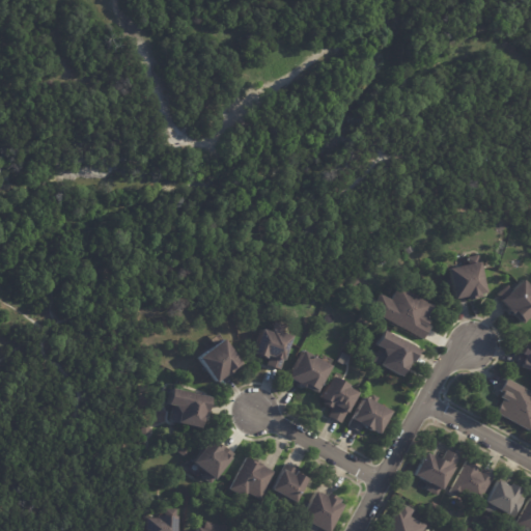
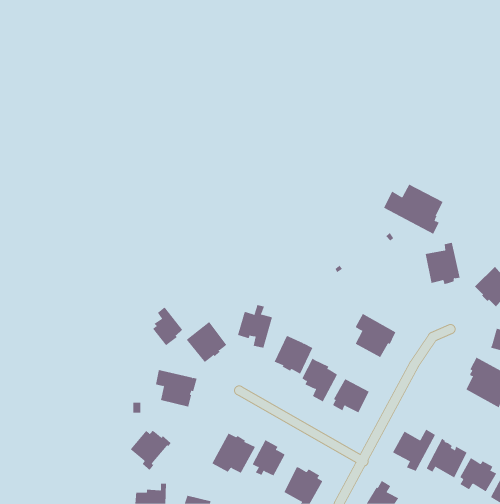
building: [373,285,437,338] -> [383,184,443,234]
building: none -> [153,307,183,346]
building: [193,443,236,485] -> [130,430,171,471]

